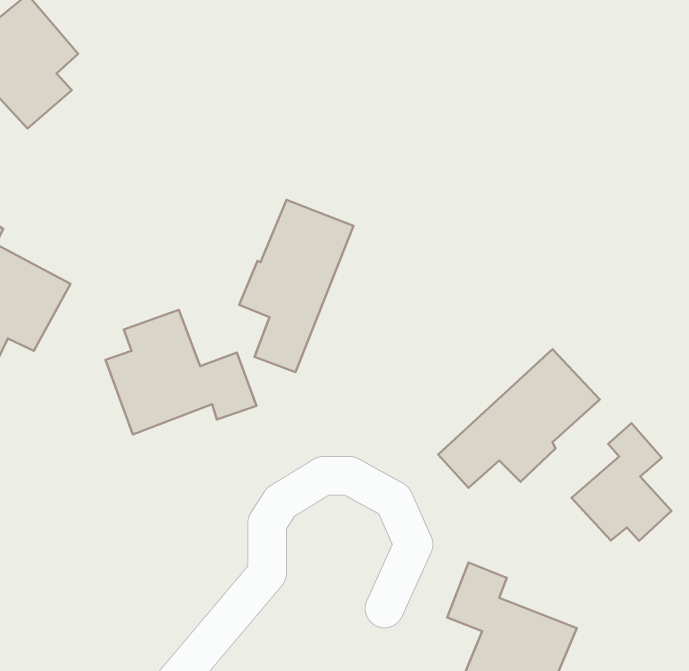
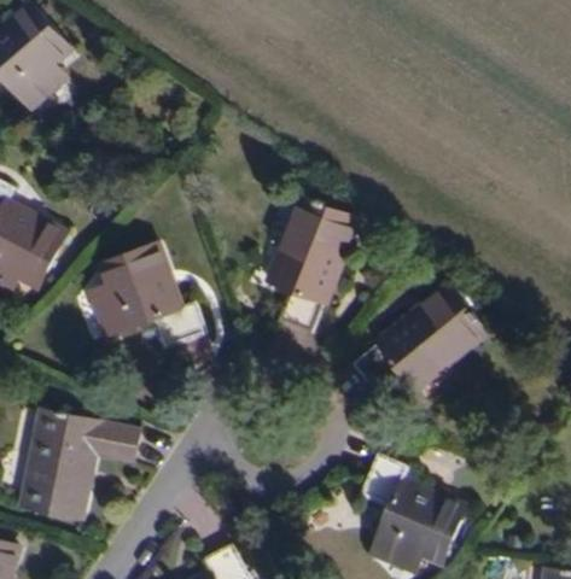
building: [239,200,354,372] -> [269,195,360,332]
building: [571,423,671,541] -> none
building: none -> [19,413,139,520]

